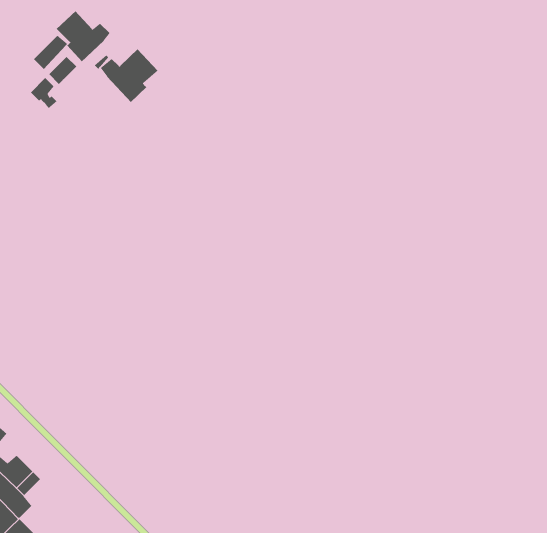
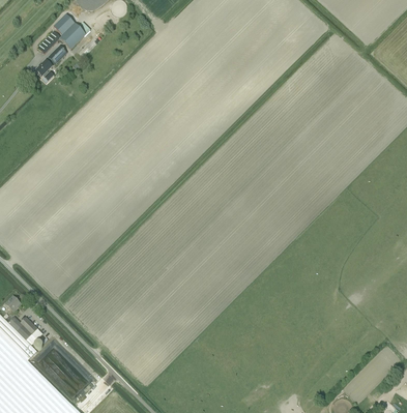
building: [100,49,159,103] -> none

